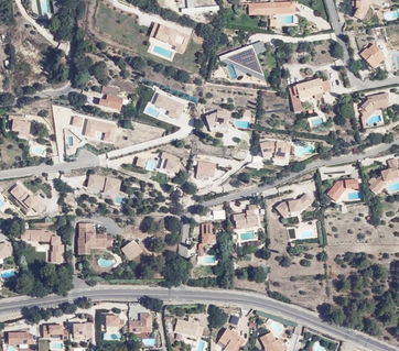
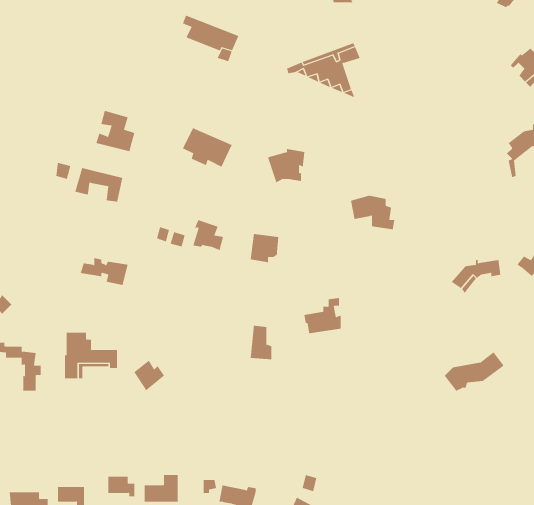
building: [290,78,332,112] -> none
building: [276,193,314,218] -> [444,352,504,392]

